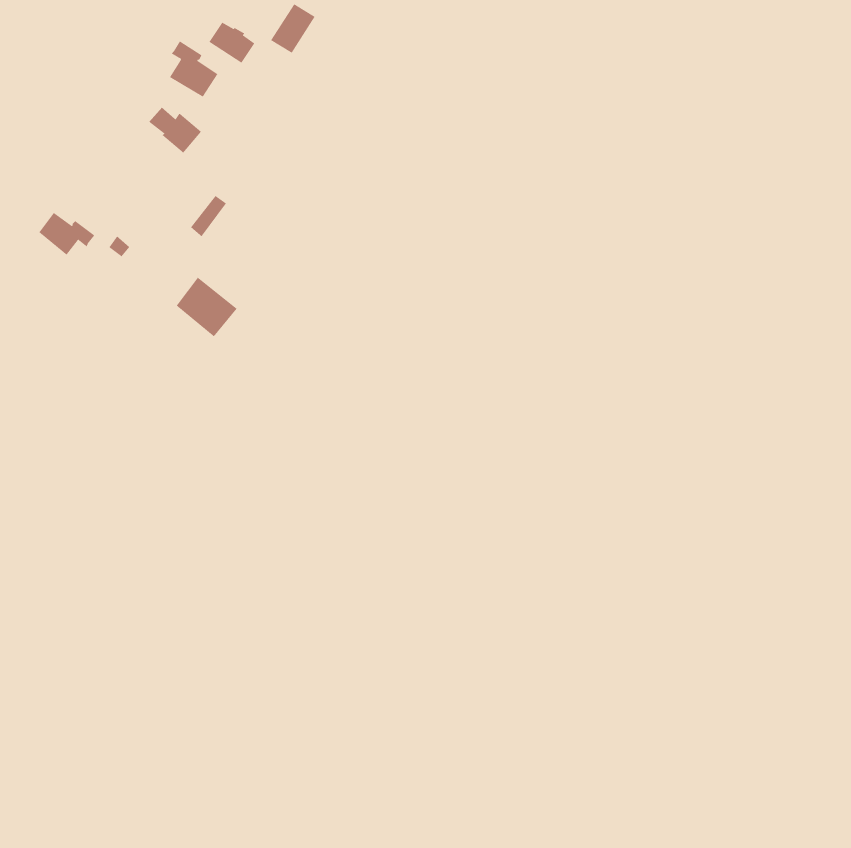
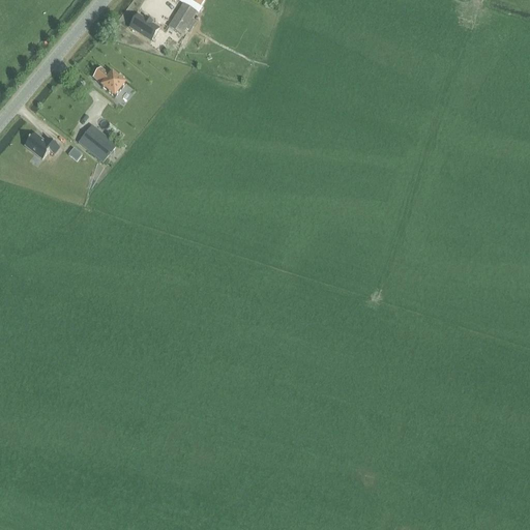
building: [169,41,218,97] -> none
building: [176,277,238,337] -> [78,123,116,160]

